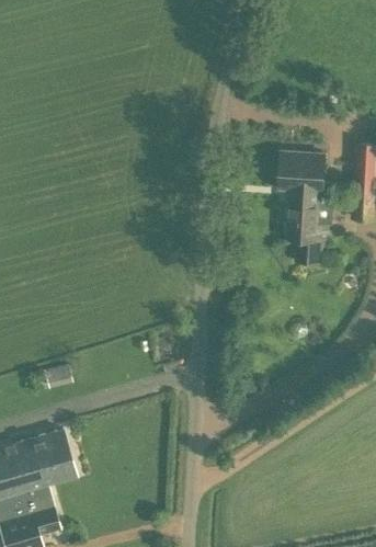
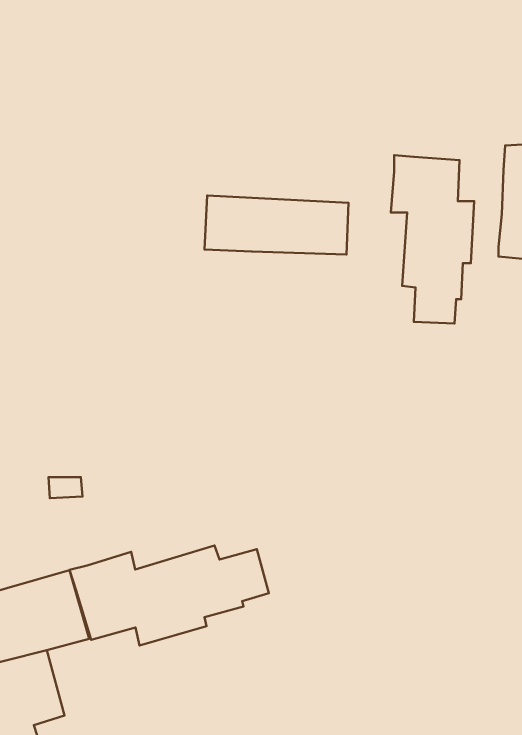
building: none -> [204,196,349,254]
building: none -> [69,546,269,645]

